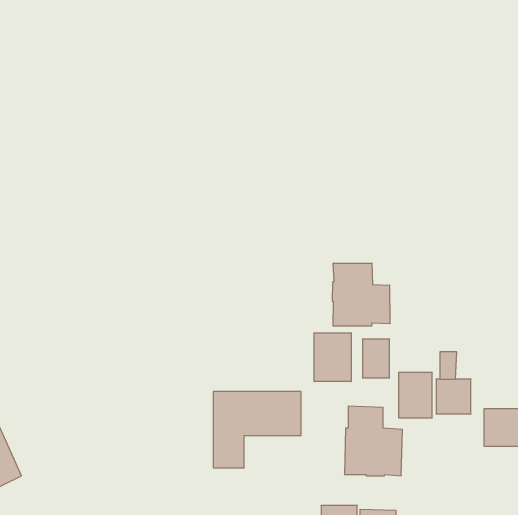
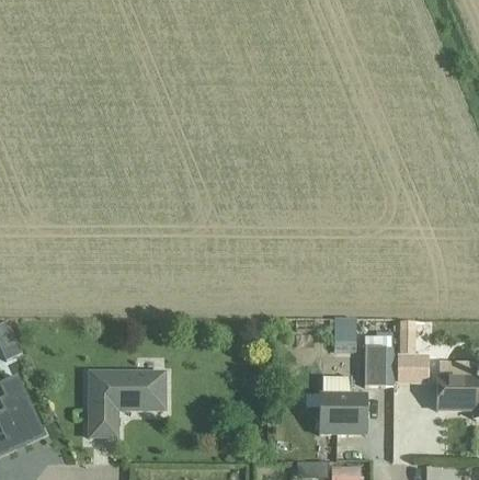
building: [333,263,390,326] -> none
building: [314,333,351,382] -> none
building: [213,392,301,468] -> [90,372,164,436]

